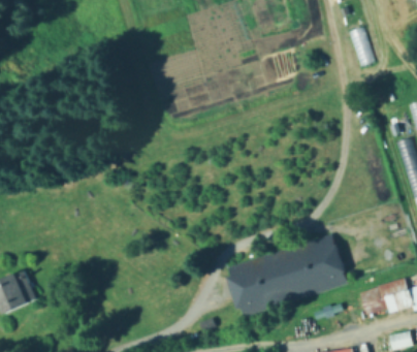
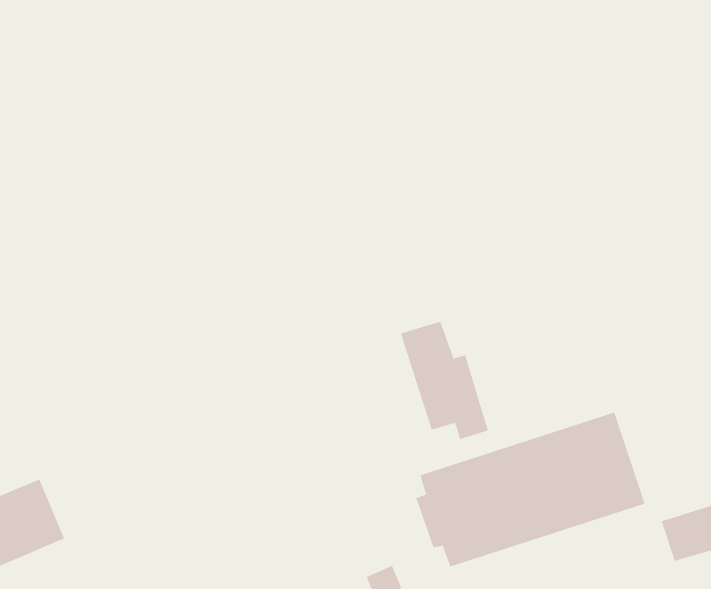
building: [348,26,376,68] -> none
building: none -> [400,321,489,440]

